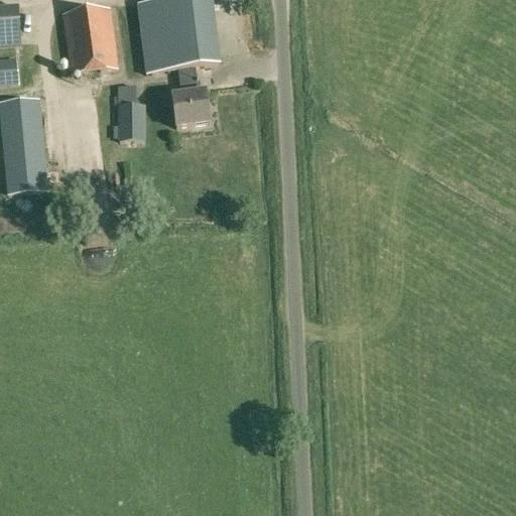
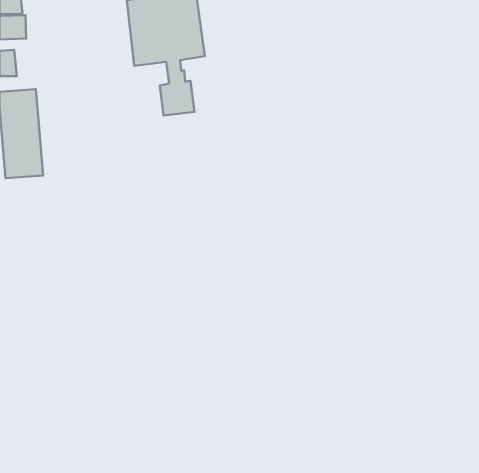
building: [60,4,117,72] -> none
building: [112,82,145,138] -> none

